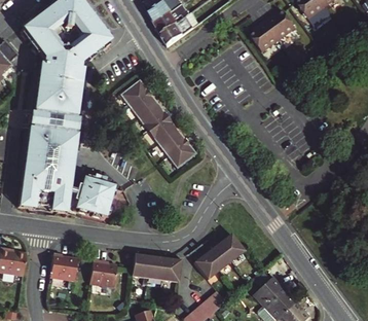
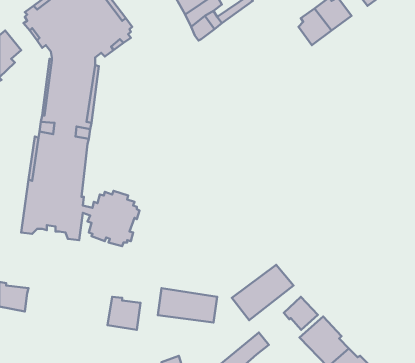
building: [122,79,198,169] -> none
building: [51,251,79,279] -> none
building: none -> [284,297,318,330]

